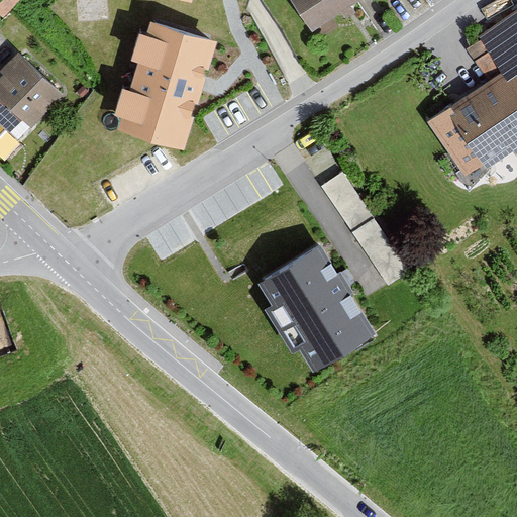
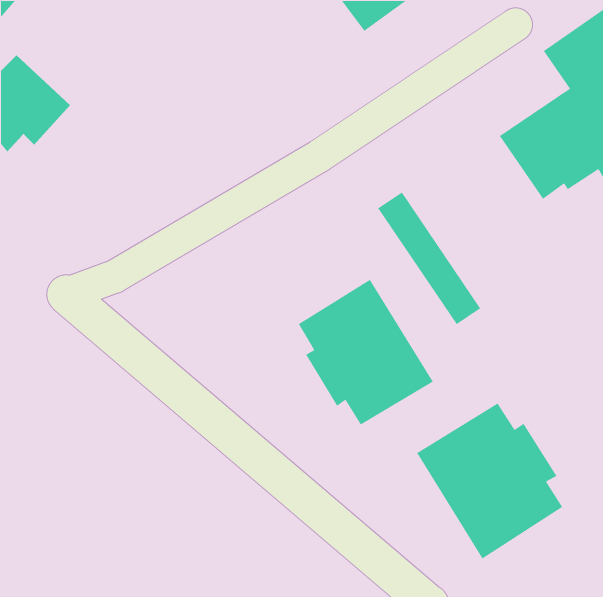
building: [112,15,218,146] -> none
building: none -> [416,403,563,559]

